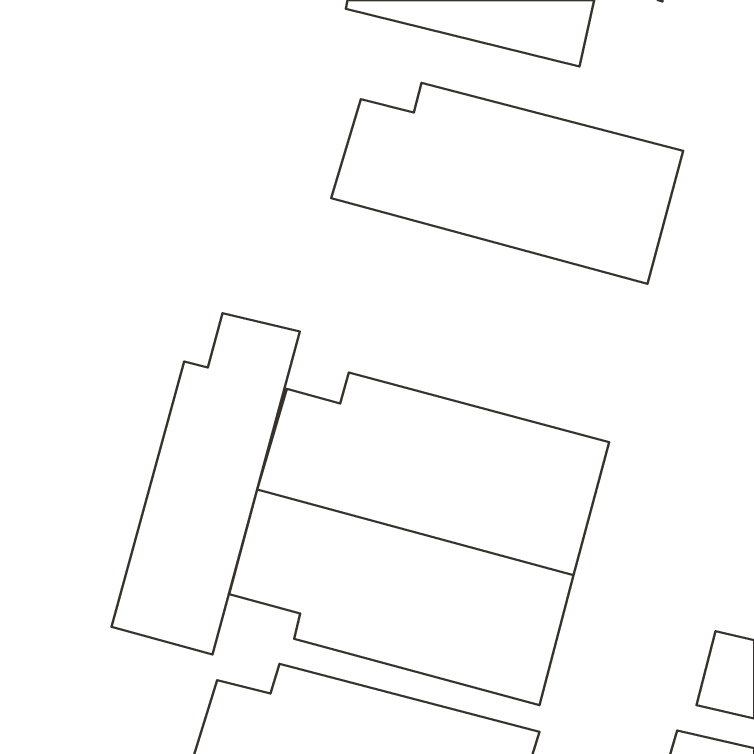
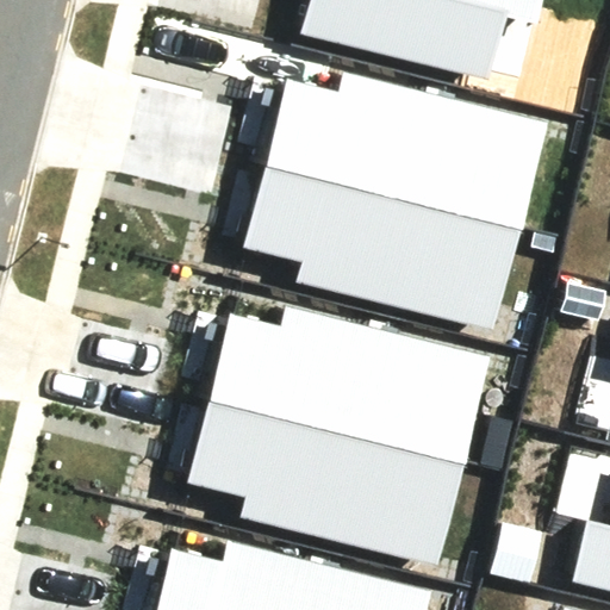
building: none -> [244,161,522,335]
building: [111,313,300,655] -> none

